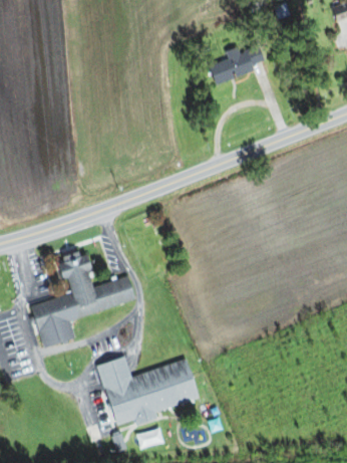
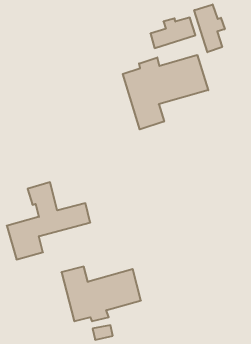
building: none -> [194,4,225,52]
building: none -> [123,55,208,129]

